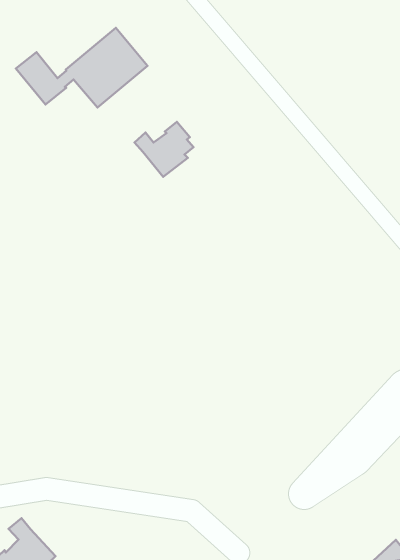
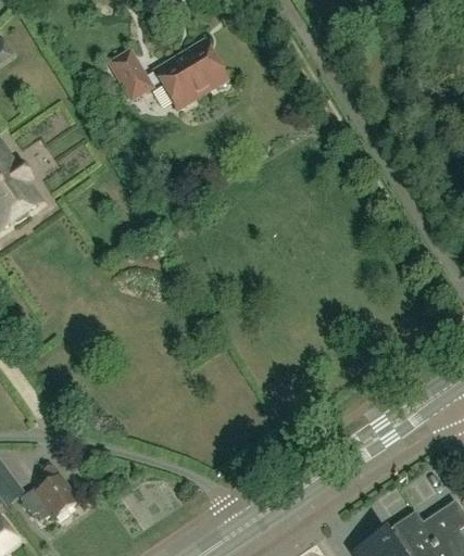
building: [135,122,193,177] -> none

